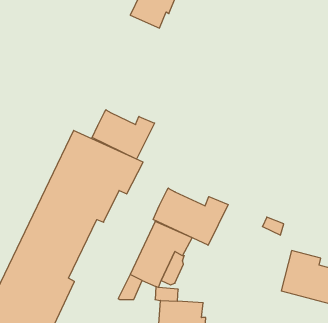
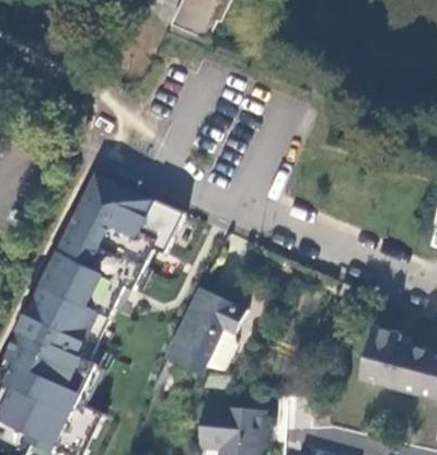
building: [92,110,155,159] -> none
building: [153,188,228,245] -> none

